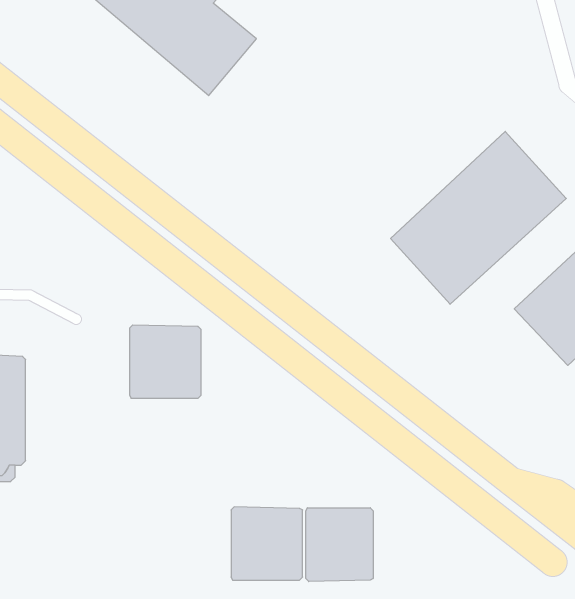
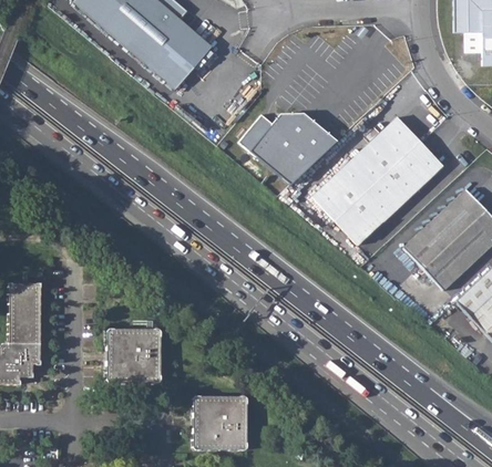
building: none -> [239,113,337,184]
building: [130,325,201,398] -> [107,328,161,382]
building: [306,508,373,582] -> none

